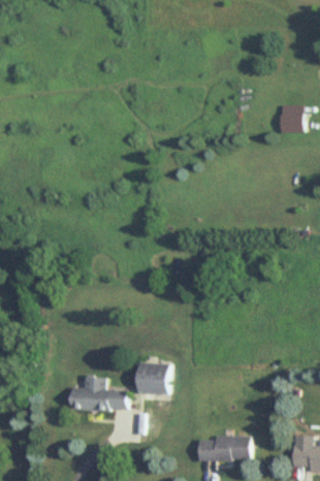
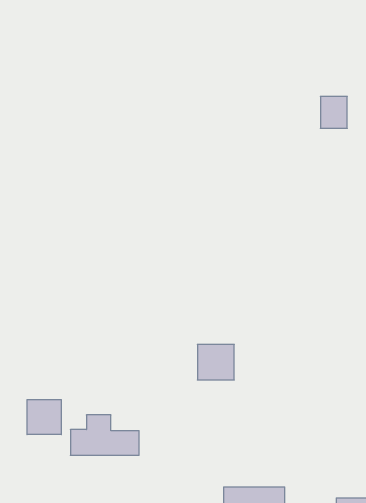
building: none -> [27,400,61,435]
building: [135,363,166,393] -> [197,344,234,380]

